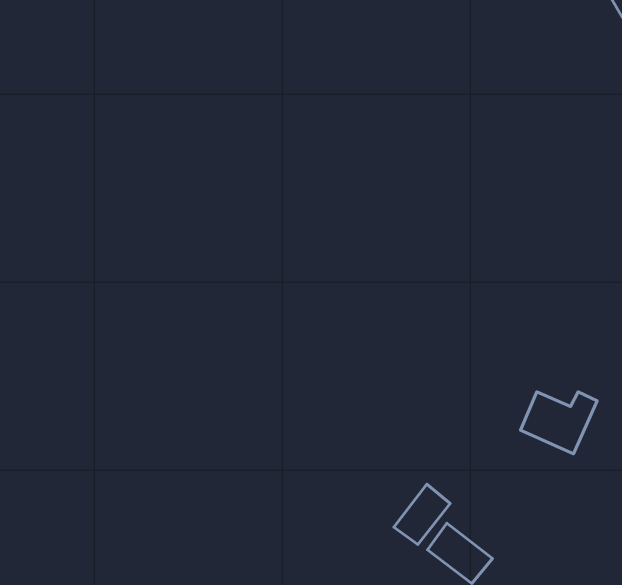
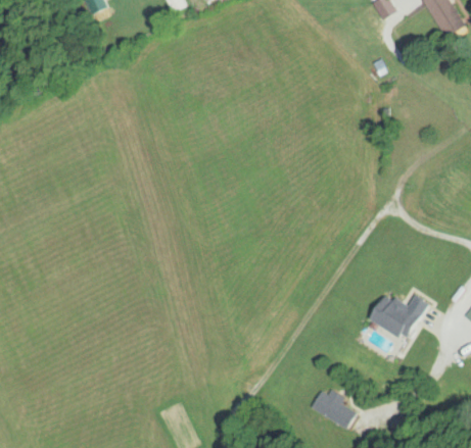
building: [394,484,450,545] -> none

